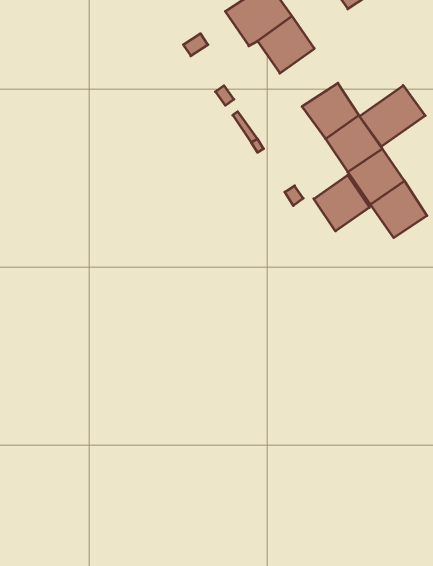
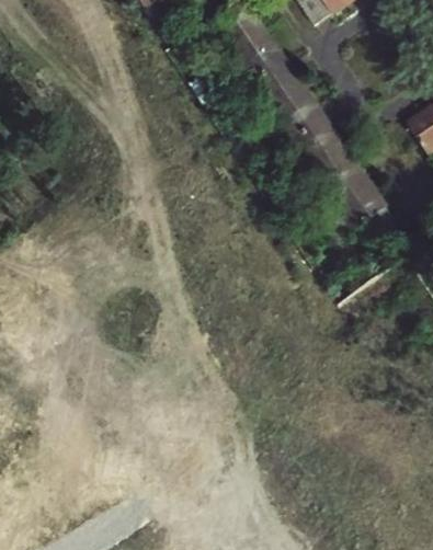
building: none -> [257,58,308,110]
building: [360,85,425,146] -> none
building: [314,175,369,231] -> none

